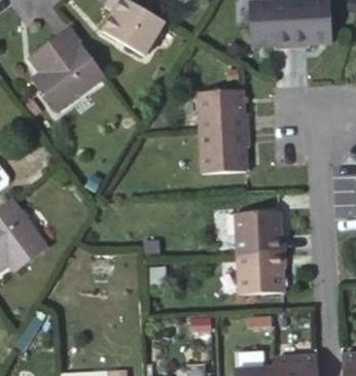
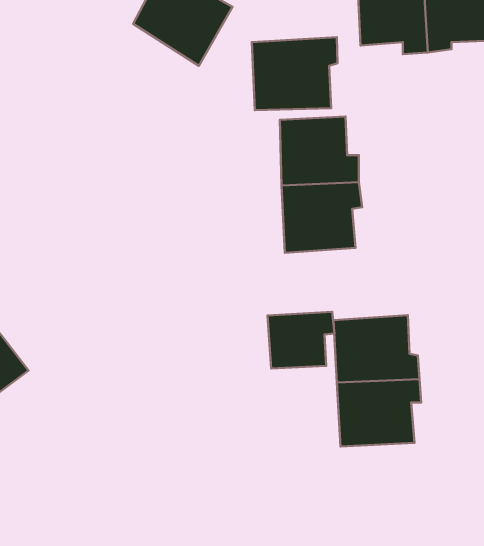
building: [34,28,110,113] -> none
building: none -> [252,37,338,110]
building: none -> [267,312,334,368]

